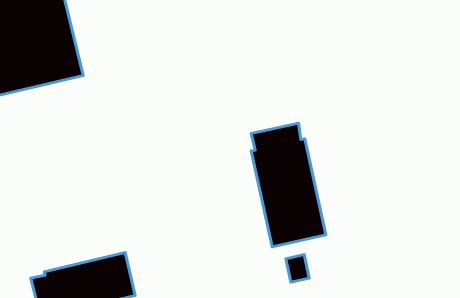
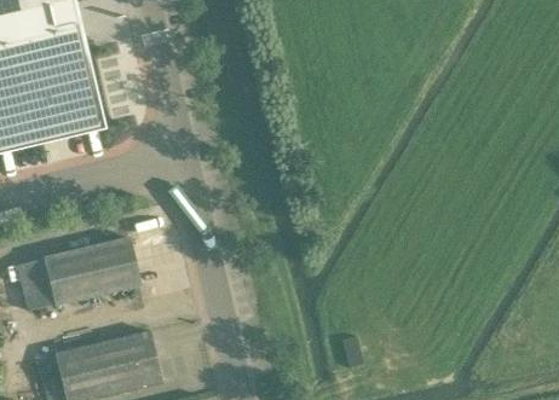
building: [251,123,326,247] -> none
building: none -> [16,238,139,312]

